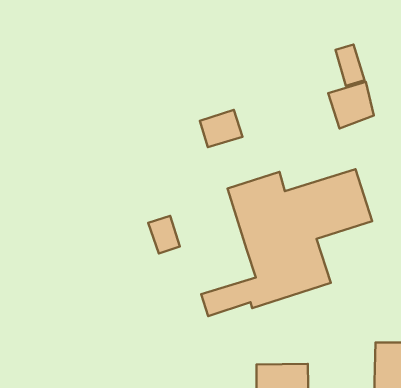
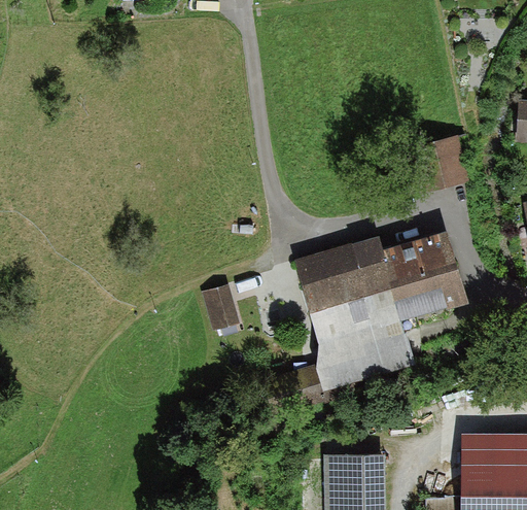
building: [335,45,365,86] -> none
building: [200,110,243,147] -> none

